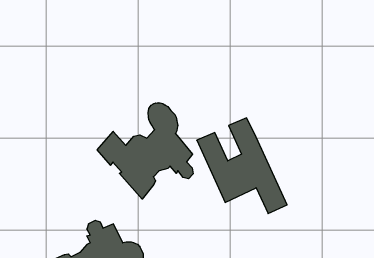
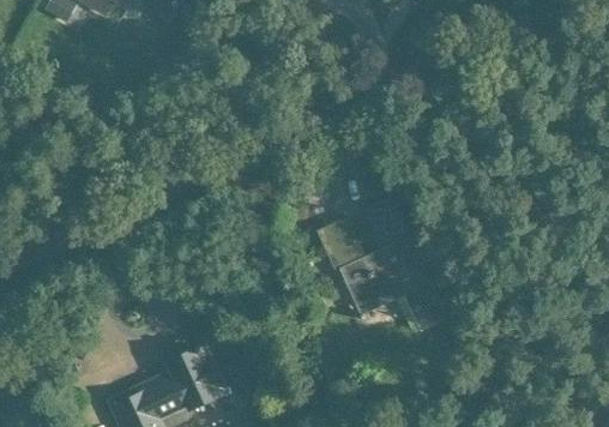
building: [97,103,193,199] -> none

